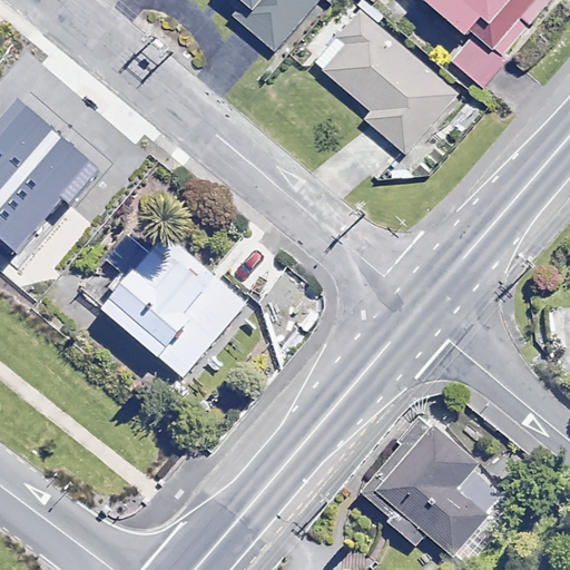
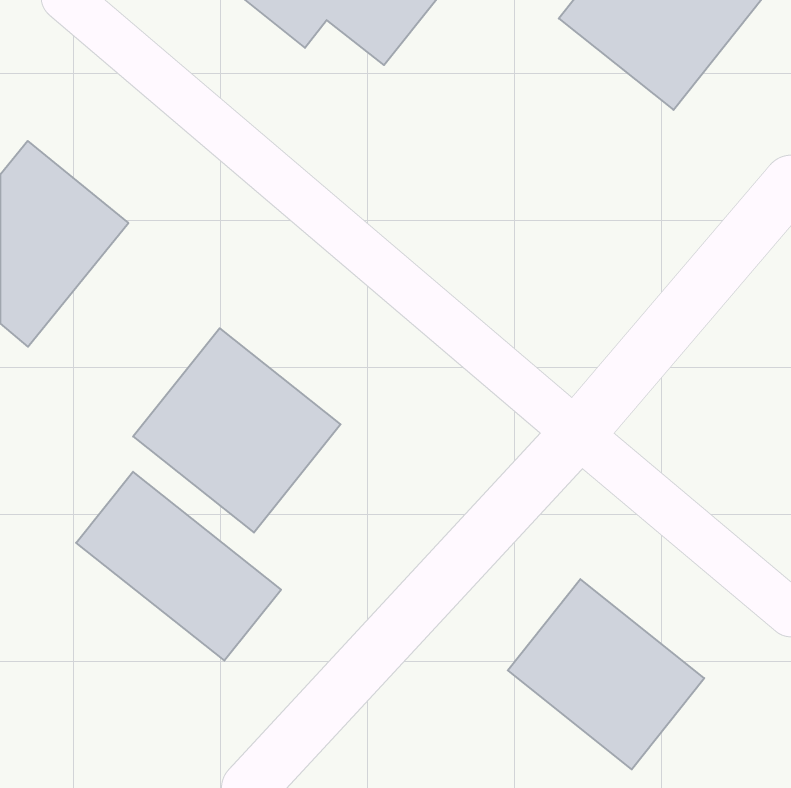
building: [315,13,454,145] -> none
building: none -> [76,472,281,661]

